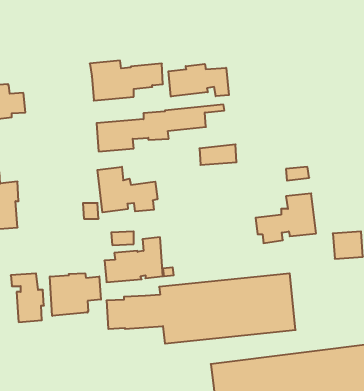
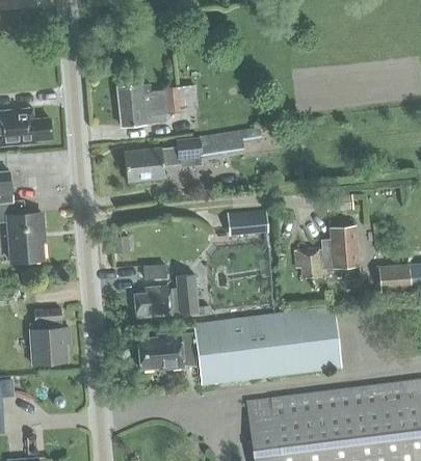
building: [168,64,229,97] -> none
building: [199,144,237,165] -> [229,212,268,234]
building: [97,167,157,212] -> none
building: [50,273,101,316] -> none

